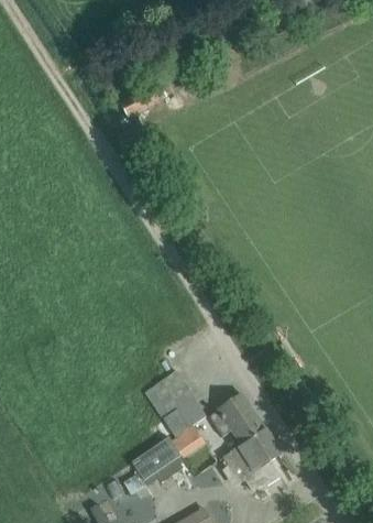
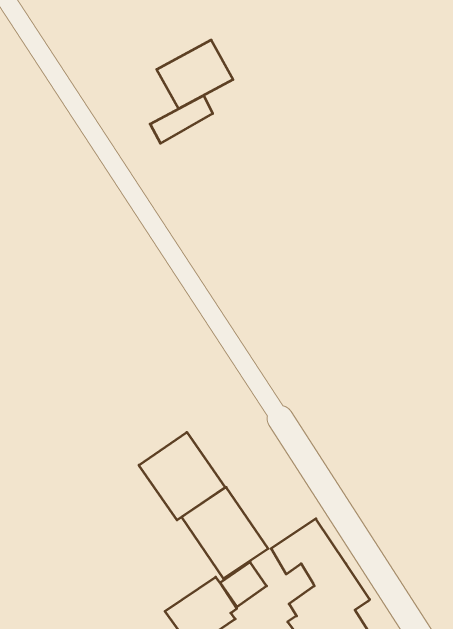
building: none -> [157,40,233,109]
building: none -> [139,432,225,520]

